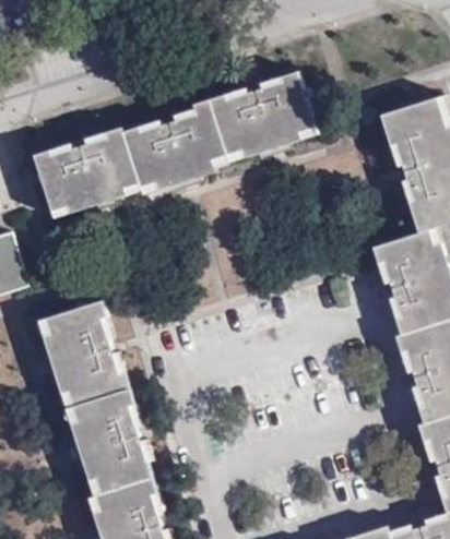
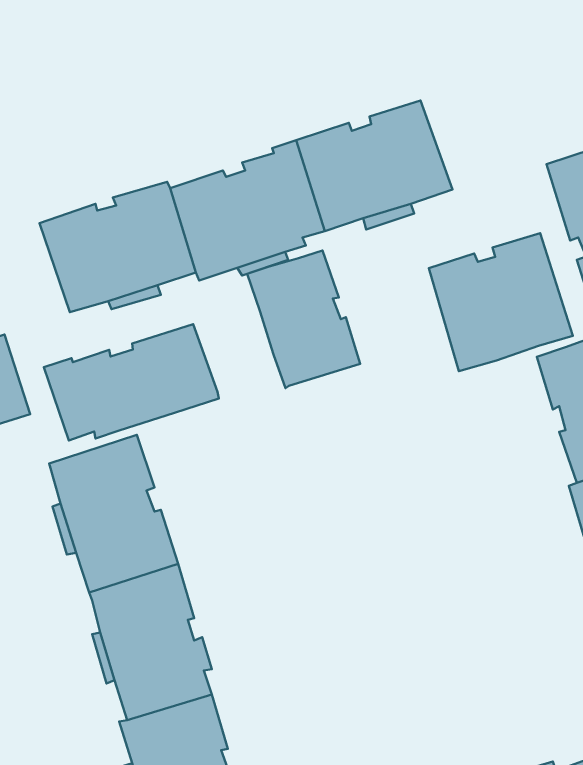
building: none -> [429,233,573,371]
building: none -> [247,251,360,388]
building: none -> [44,324,219,440]

